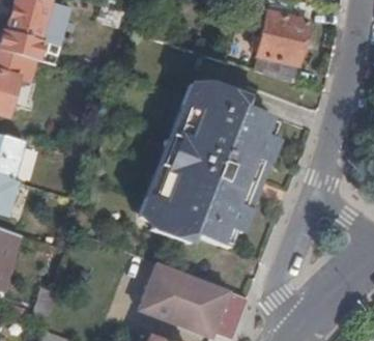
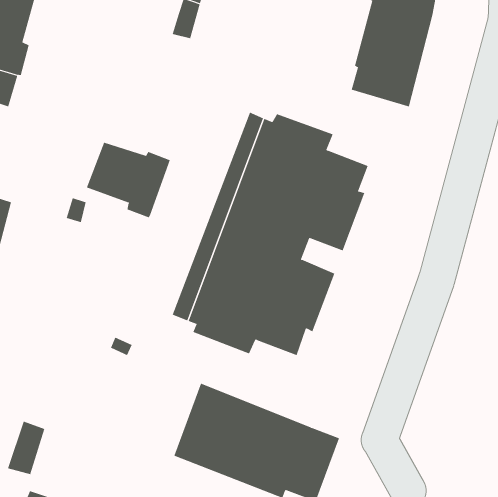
building: none -> [86,142,170,218]
building: [222,119,282,249] -> none

